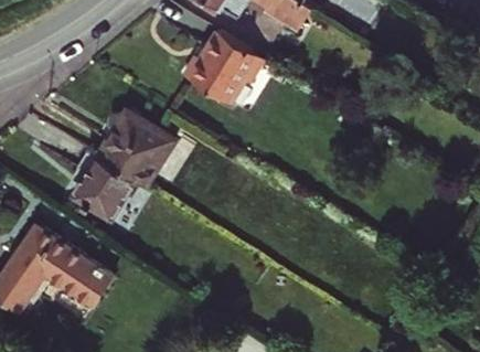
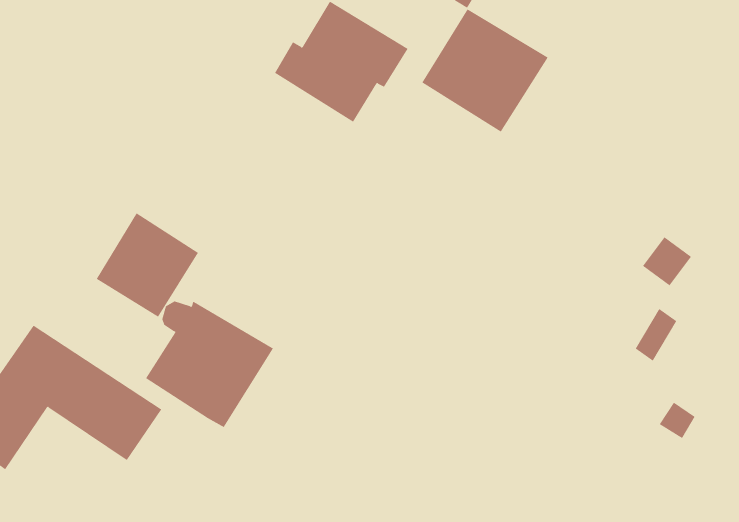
building: none -> [422,8,549,132]
building: [98,113,175,189] -> [145,301,274,428]

